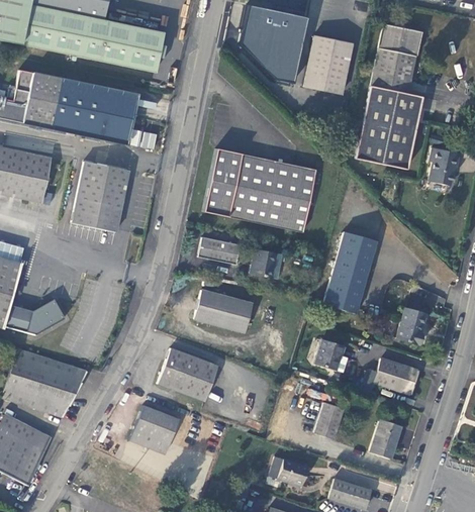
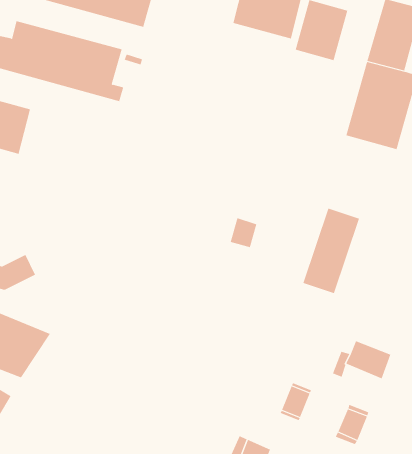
building: [205,150,316,233] -> none
building: [72,160,131,230] -> none
building: [200,235,242,262] -> none
building: [196,288,253,330] -> none
building: [397,308,425,343] -> none
building: [314,338,345,371] -> none
building: [157,348,217,401] -> none
building: [130,406,179,454] -> none

